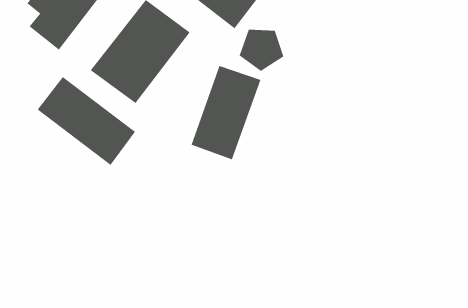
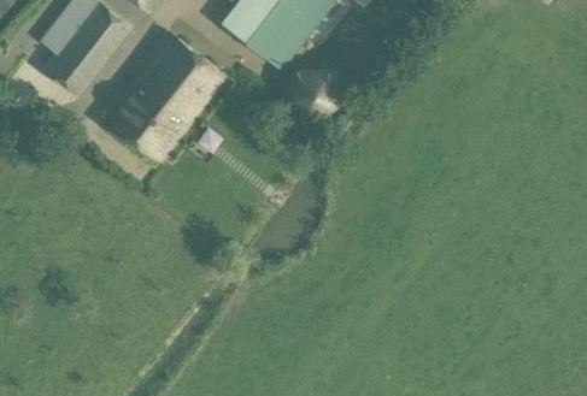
building: [191,65,261,160] -> none
building: [37,76,136,166] -> none

